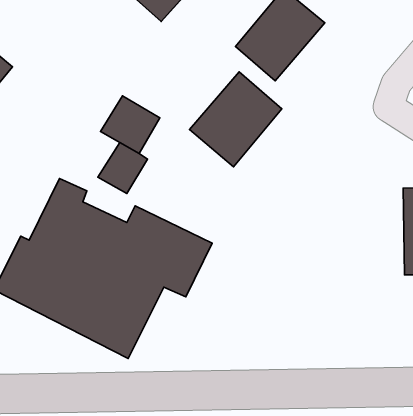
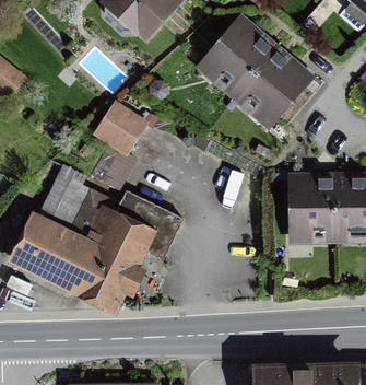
building: [190,72,282,167] -> [235,44,308,119]
building: none -> [288,175,338,245]

